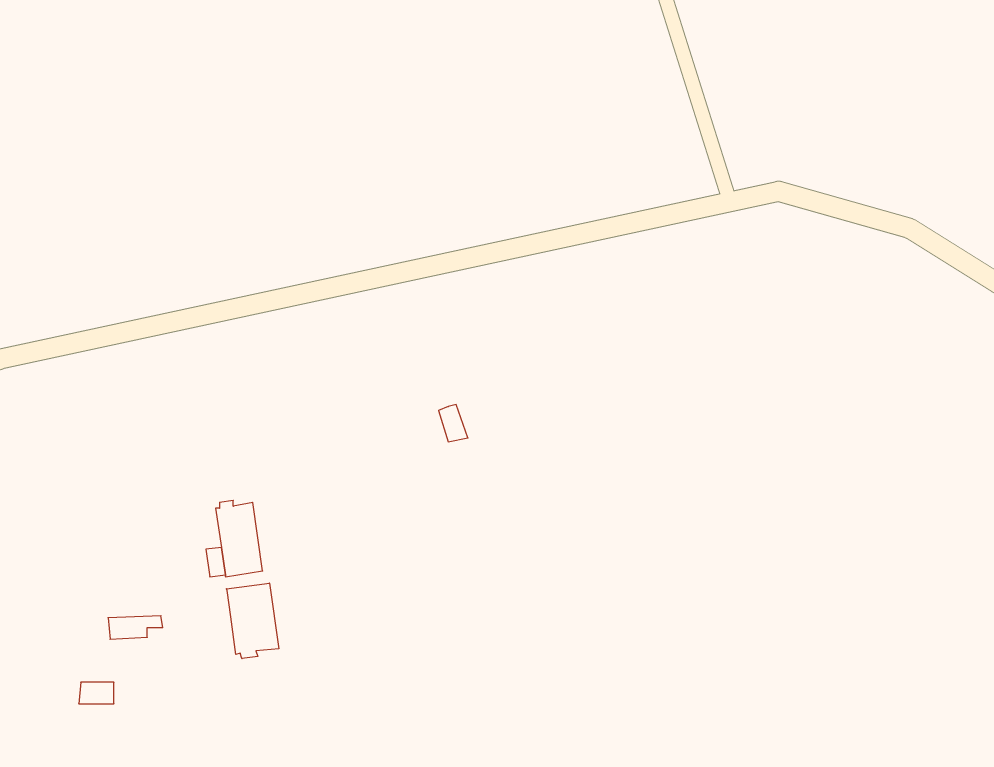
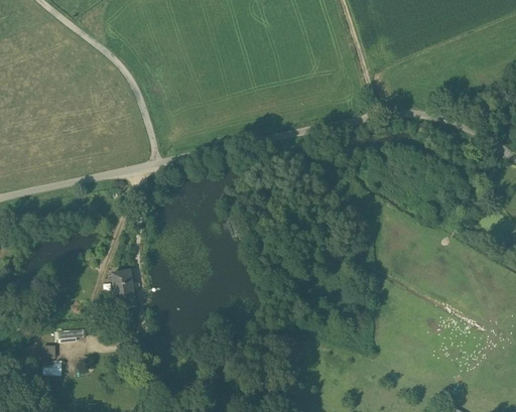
building: [226,583,279,659] -> none

